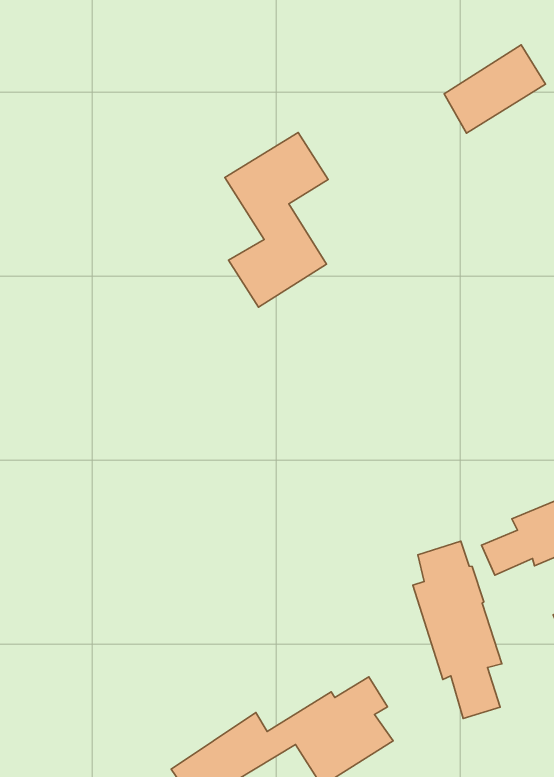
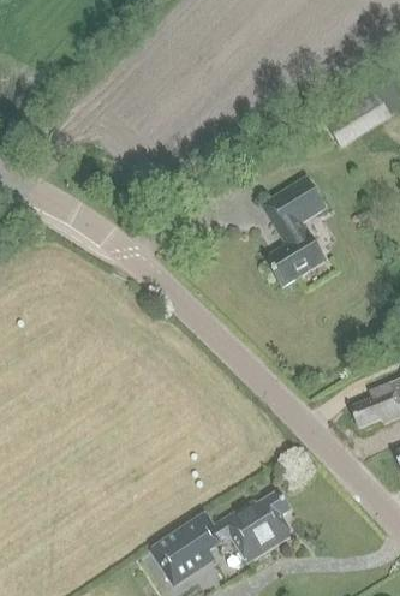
building: [225,132,328,307] -> [261,175,327,287]
building: [413,541,502,718] -> none

